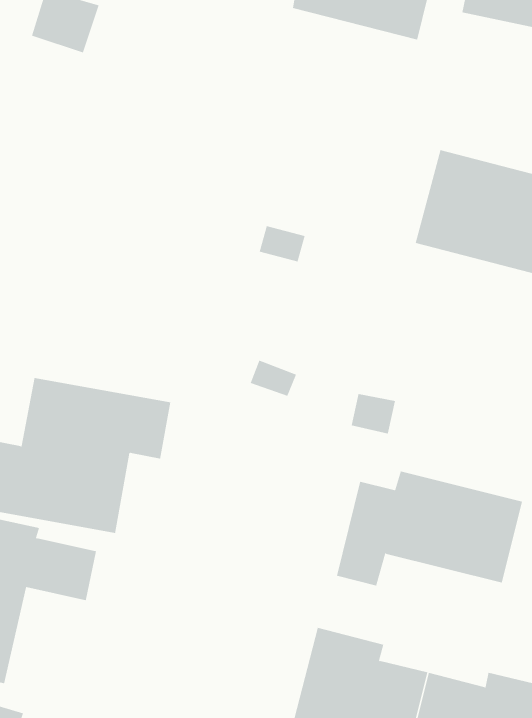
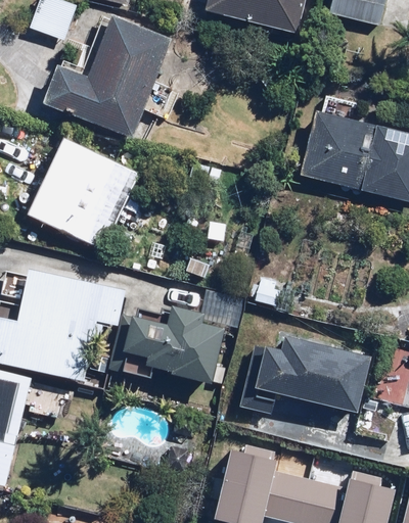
building: none -> [44,15,178,139]
building: none -> [29,137,138,250]
building: none -> [110,307,223,381]

